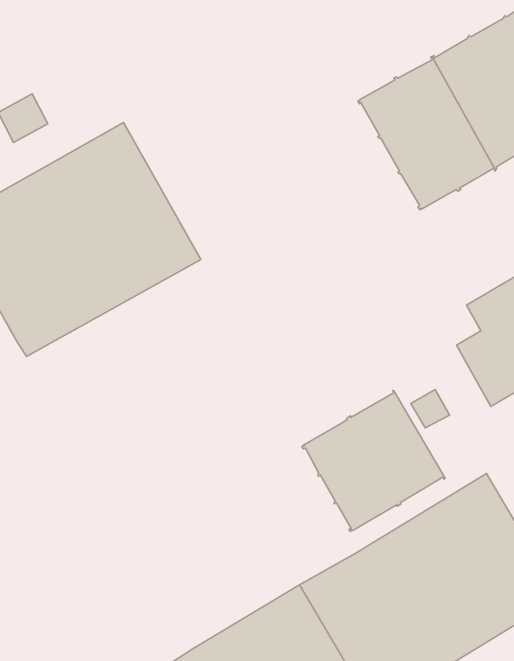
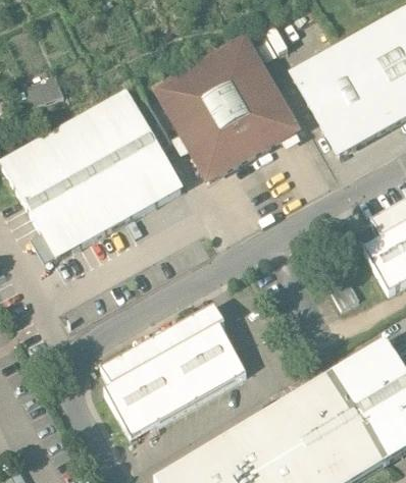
building: none -> [157,38,295,177]
building: [302,391,445,531] -> none
building: none -> [100,305,246,437]

